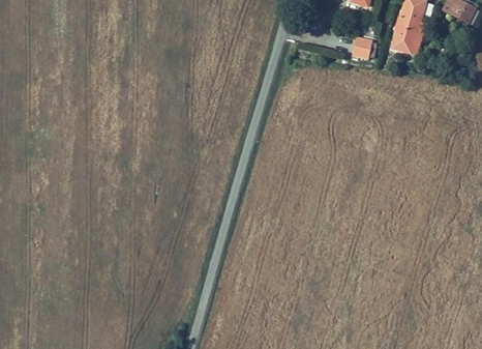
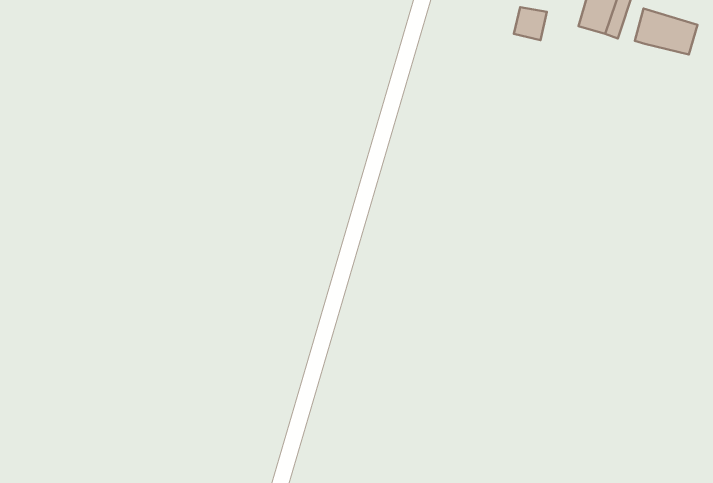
building: none -> [635,9,697,55]

